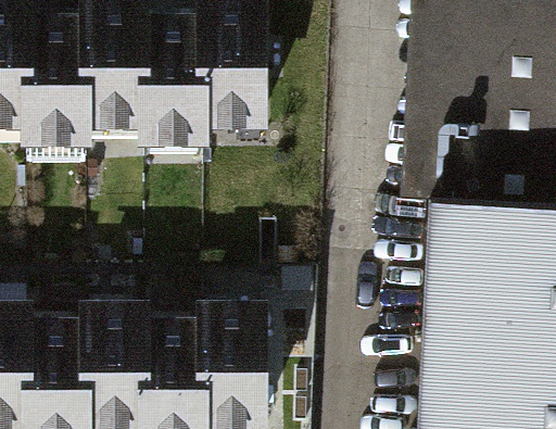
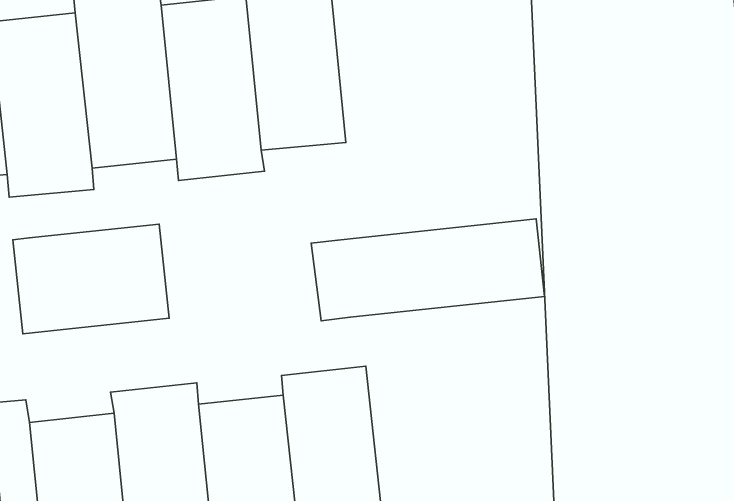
building: none -> [13,224,169,334]
building: none -> [311,219,545,321]

